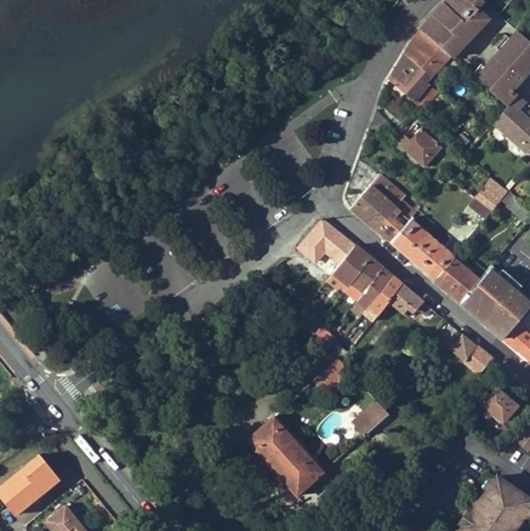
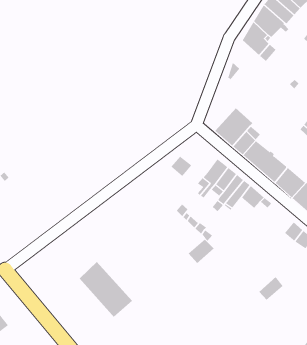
building: [397,127,441,165] -> none
building: [307,218,354,264] -> none
building: [353,400,388,434] -> [259,276,284,300]
building: [247,415,324,495] -> [79,261,133,318]

